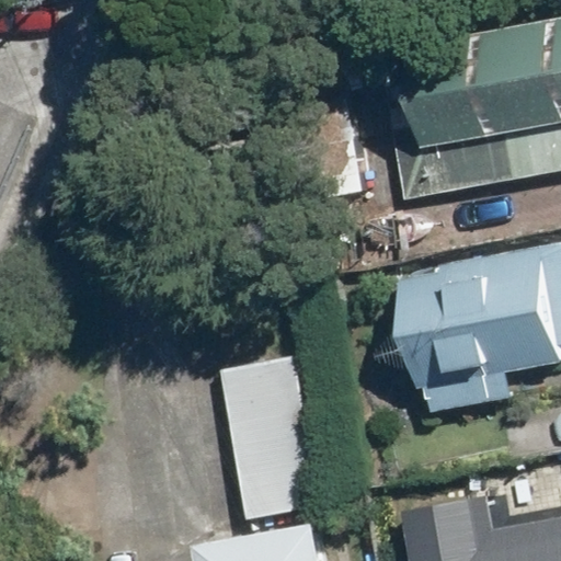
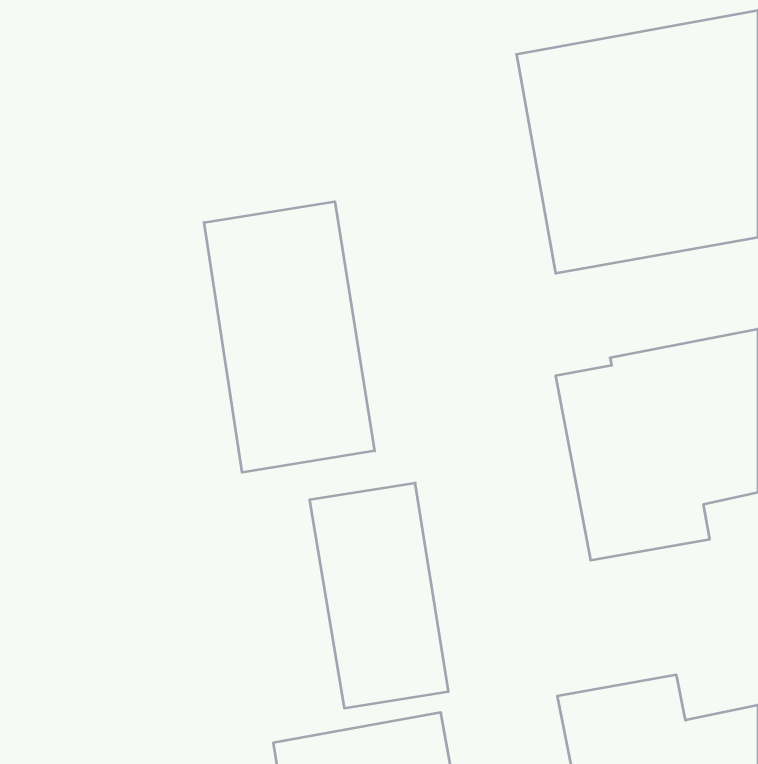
building: none -> [204,202,375,472]

